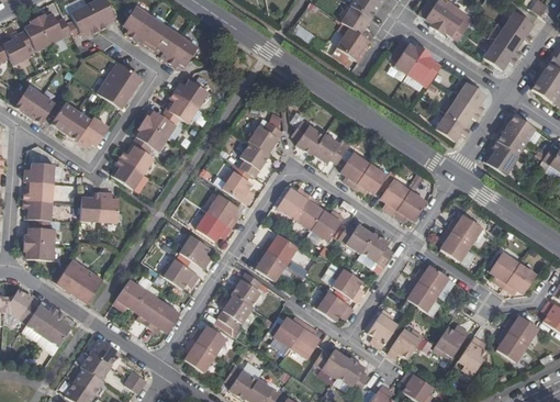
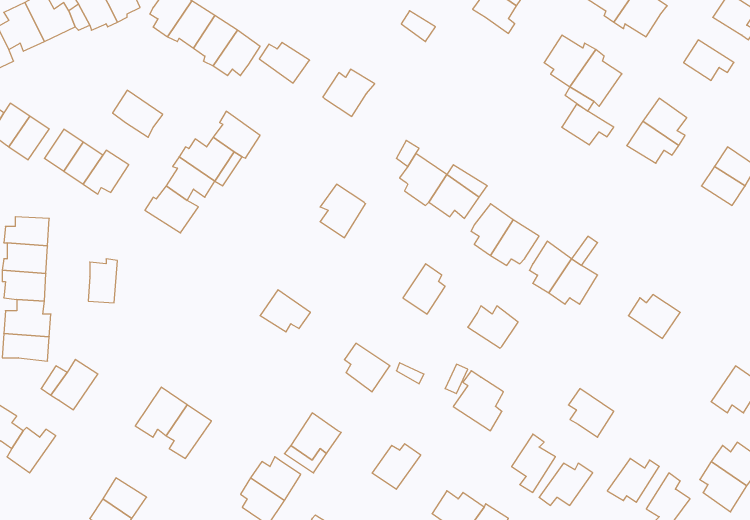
building: [337,27,372,63] -> none
building: [494,27,524,58] -> none
building: [108,62,142,93] -> none
building: [175,80,209,108] -> [259,42,310,83]
building: [436,114,471,142] -> [562,104,614,145]
building: [248,121,283,153] -> [323,69,375,116]
building: [483,142,518,176] -> none
building: [111,158,144,190] -> none
building: [222,168,253,204] -> none
building: [277,188,310,217] -> none
building: [99,192,120,222] -> none
building: [210,194,239,227] -> none
building: [311,210,343,241] -> none
building: [439,230,470,261] -> none
building: [178,232,210,268] -> none
building: [361,232,394,266] -> none
building: [262,234,296,264] -> none
building: [489,252,519,288] -> none
building: [159,257,200,289] -> none
building: [414,265,449,294] -> none
building: [71,269,103,304] -> none
building: [231,272,261,308] -> none
building: [313,291,354,322] -> none
building: [147,301,181,334] -> none
building: [42,311,71,347] -> none
building: [290,324,321,359] -> none

